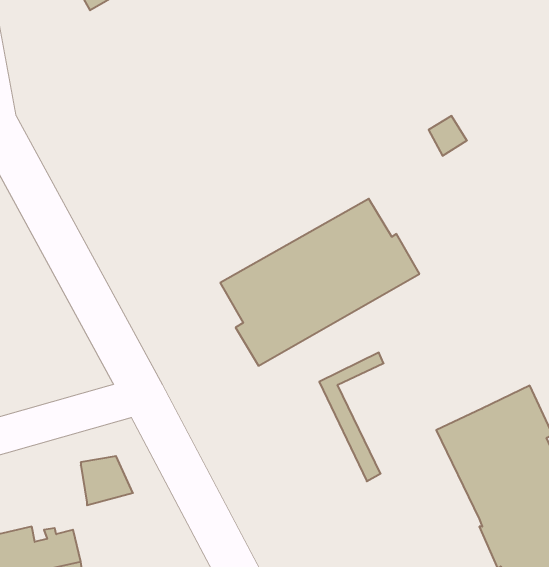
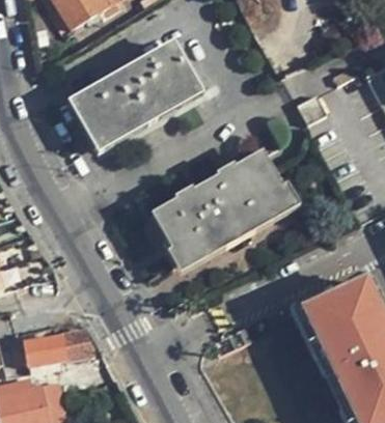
building: none -> [73,45,199,148]
building: [319,353,384,481] -> [292,289,335,376]
building: none -> [28,335,67,365]

